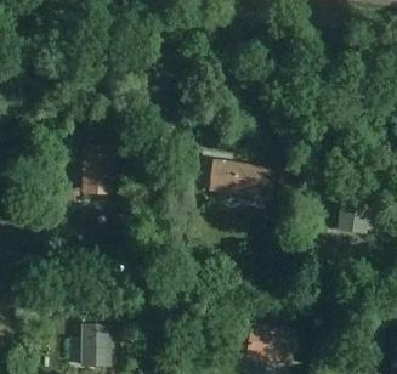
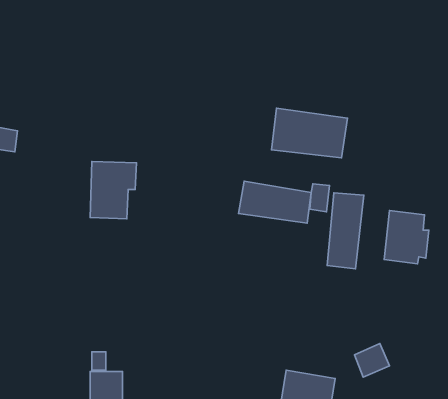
building: none -> [272,108,347,158]
building: none -> [327,193,364,269]

